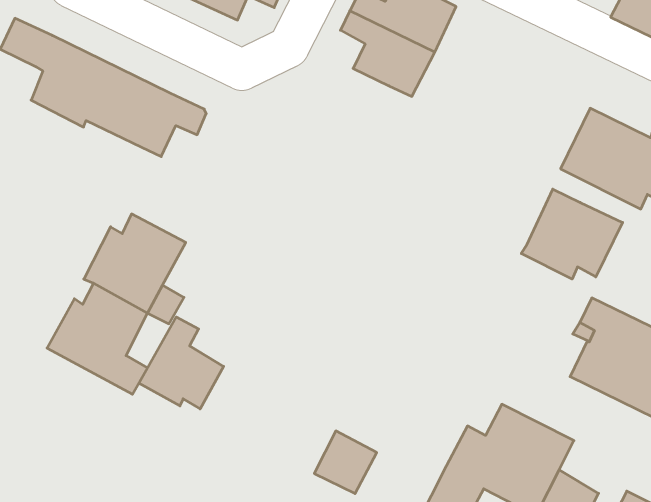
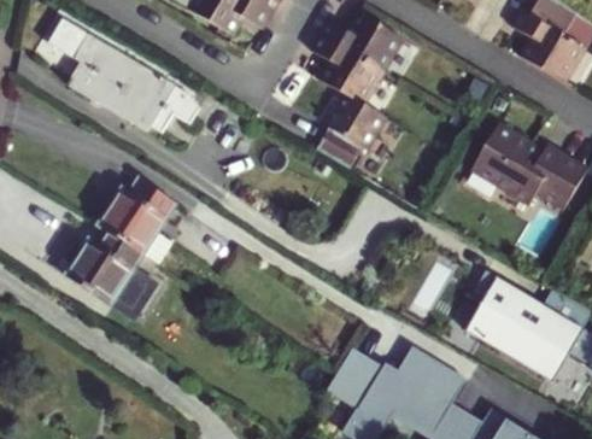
building: none -> [317,95,385,169]
building: [521,189,623,279] -> none
building: [139,317,224,409] -> none
building: [314,431,377,494] -> [332,346,381,396]

